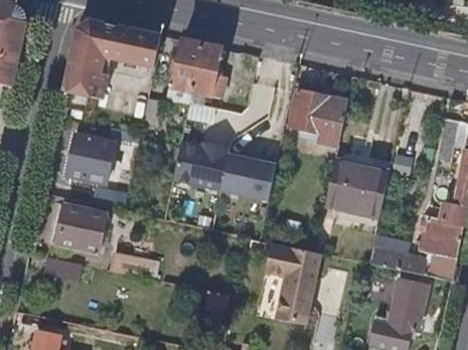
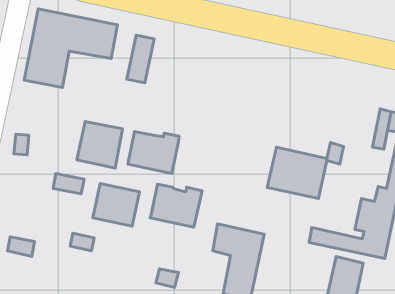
building: [192,43,225,97] -> none
building: [290,90,347,136] -> none
building: [66,134,116,184] -> [77,121,123,168]
building: [220,154,277,200] -> [150,184,202,227]
building: [58,205,109,251] -> [93,183,140,226]

